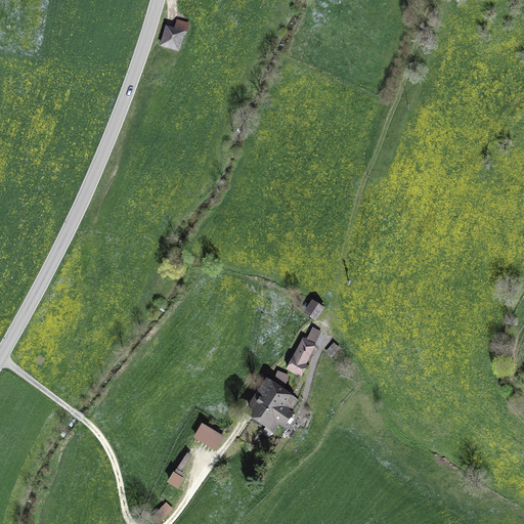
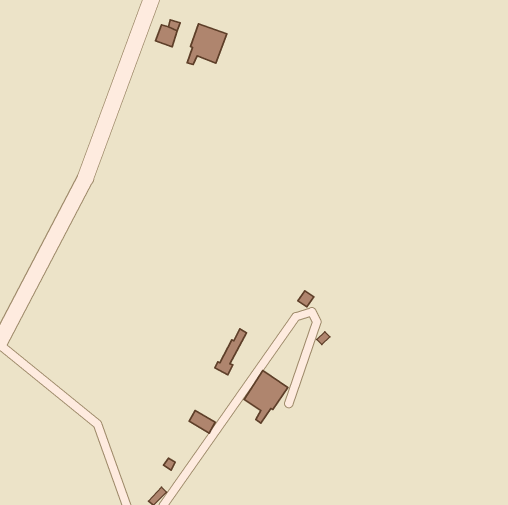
building: none -> [187,24,227,64]
building: [287,325,319,373] -> [215,329,247,375]

